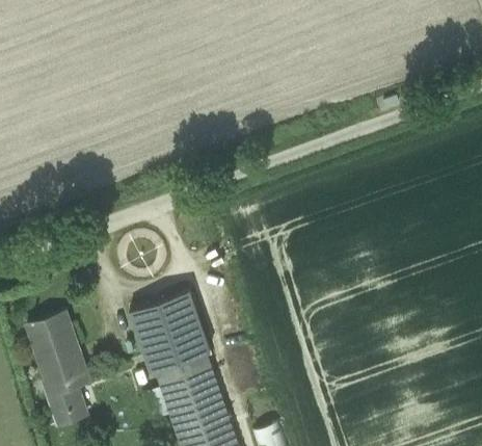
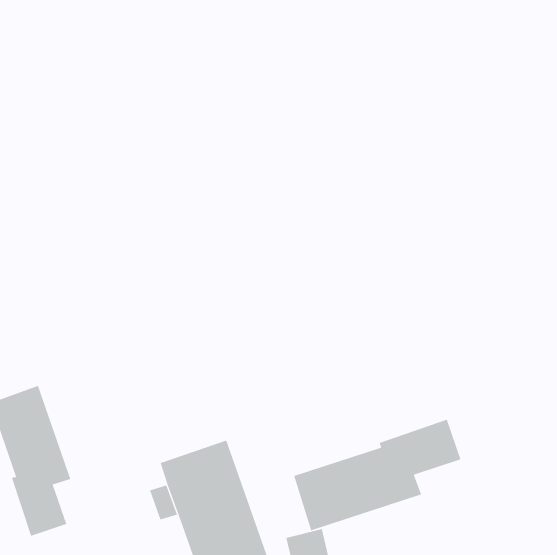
building: [130,292,211,374] -> none
building: none -> [293,419,461,531]

